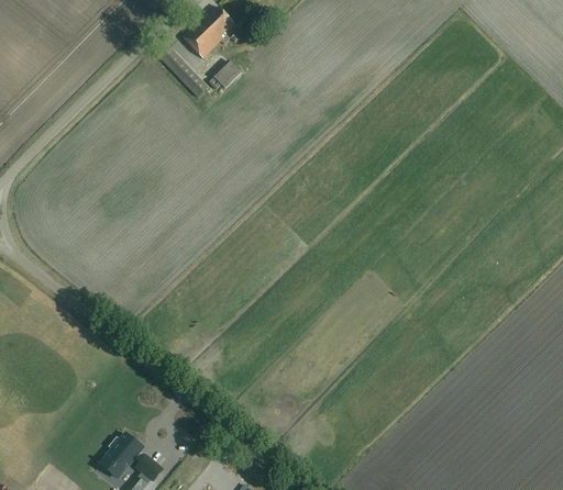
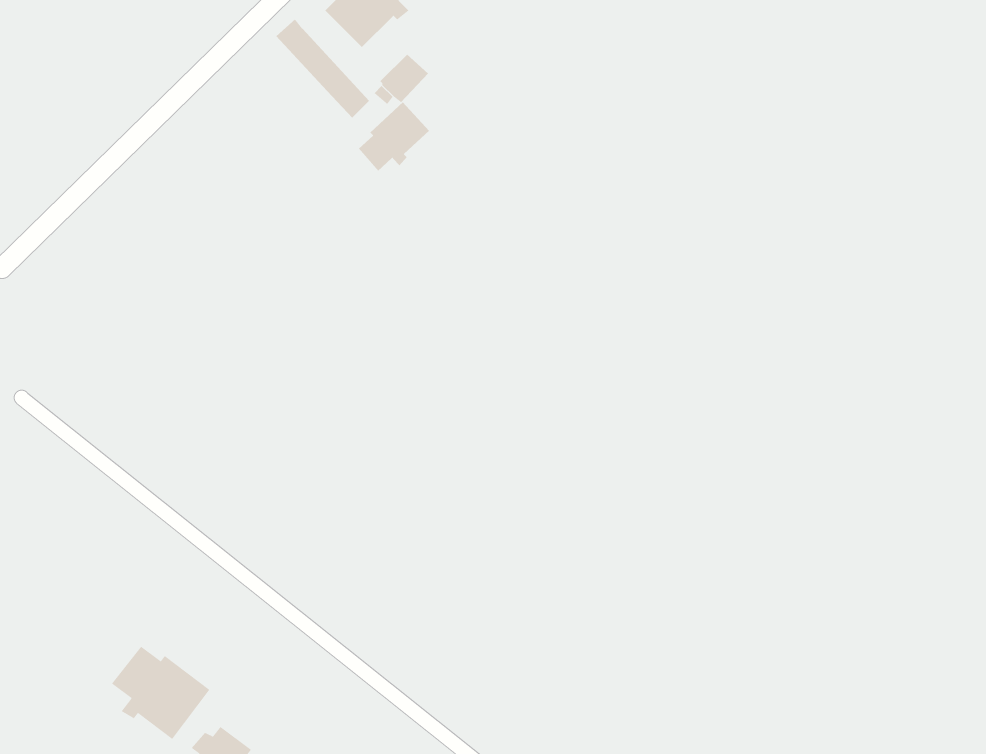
building: none -> [358,102,430,172]
building: none -> [111,646,210,740]

